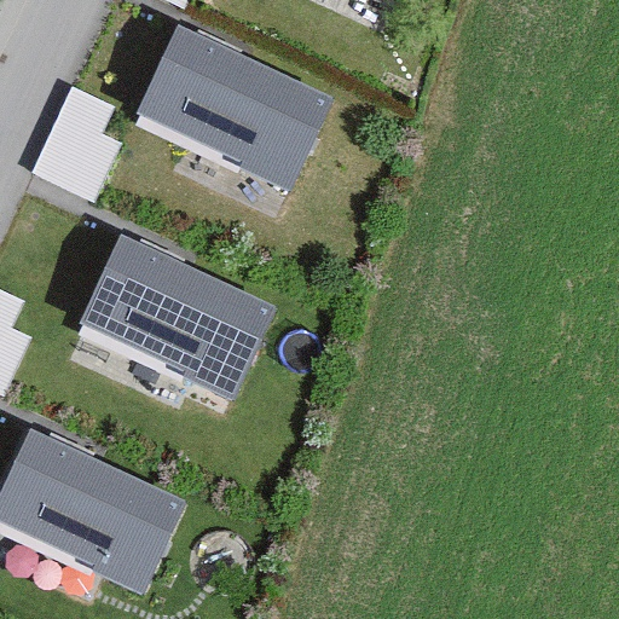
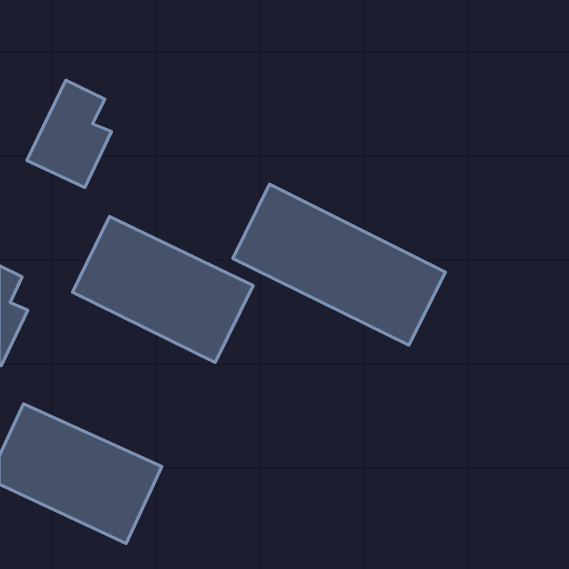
building: [135,23,335,185] -> none
building: none -> [233,184,445,345]

